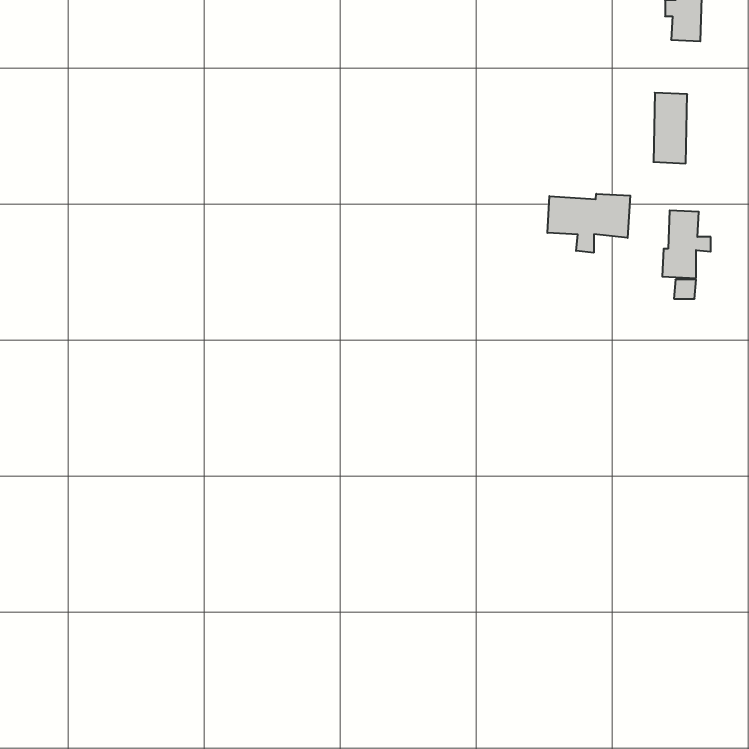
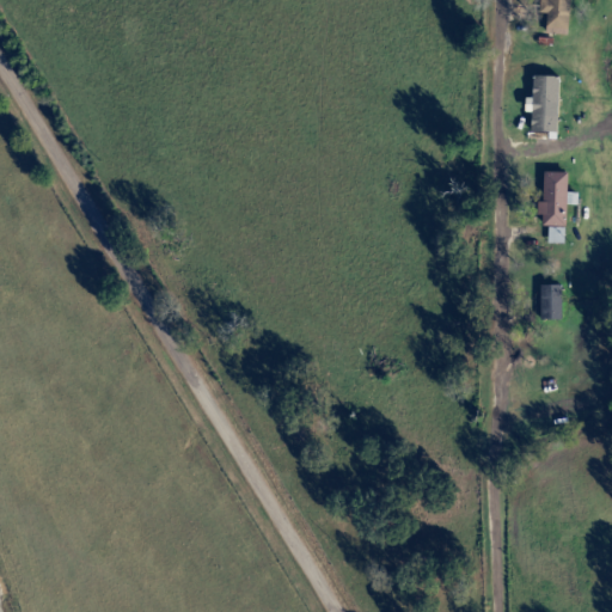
building: [547,194,630,253] -> none
building: none -> [540,284,562,320]

